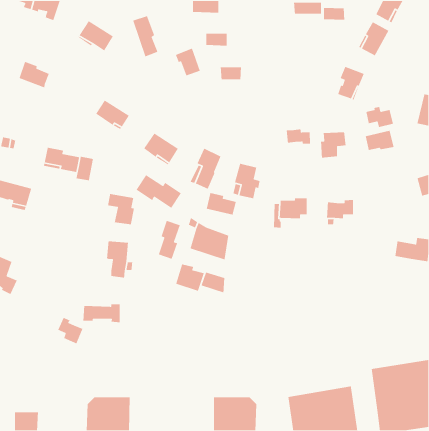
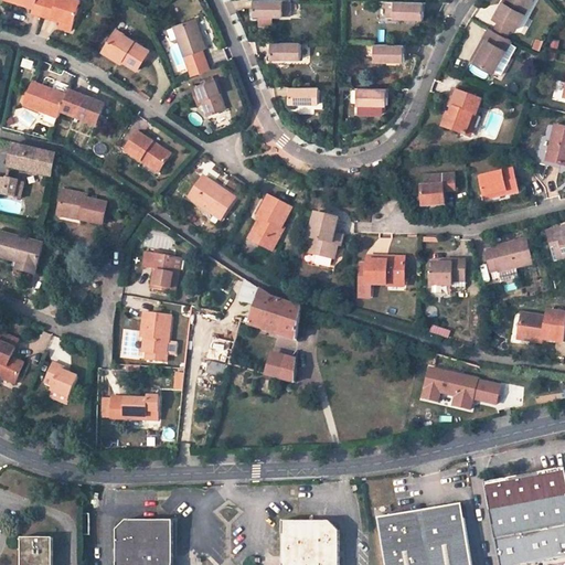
building: [323,7,345,21] -> [373,44,402,62]
building: [175,48,201,76] -> [191,76,225,114]
building: none -> [60,87,104,122]
building: none -> [356,88,385,106]
building: [366,106,394,128] -> none
building: none -> [7,143,54,177]
building: [286,128,311,144] -> none
building: [75,156,94,181] -> none
building: [136,174,182,209] -> none
building: none -> [483,239,531,273]
building: [206,192,237,216] -> none
building: [158,220,181,260] -> none
building: [175,263,205,292] -> none
building: none -> [420,367,499,409]
building: [57,317,83,345] -> [43,364,77,401]

